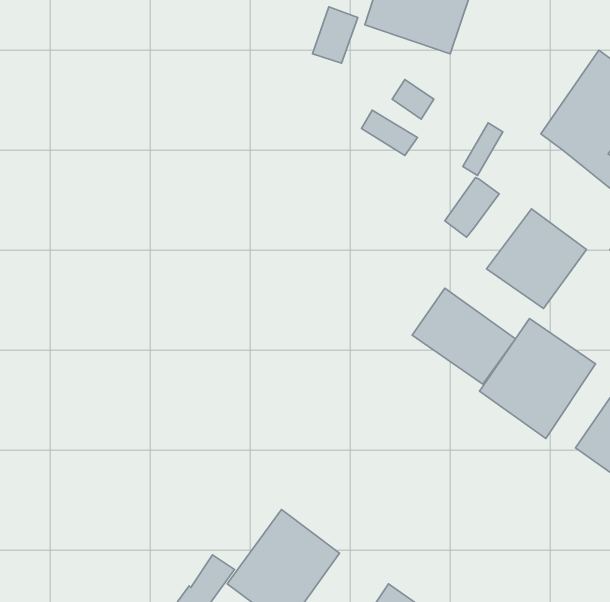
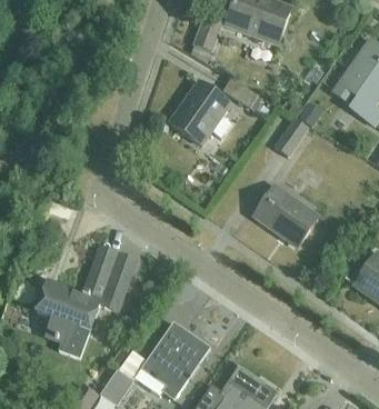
building: none -> [170,79,230,142]
building: [487,209,586,309] -> none
building: [479,319,595,438] -> none
building: none -> [36,247,131,356]

